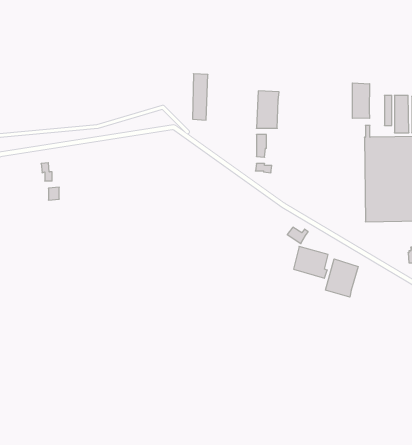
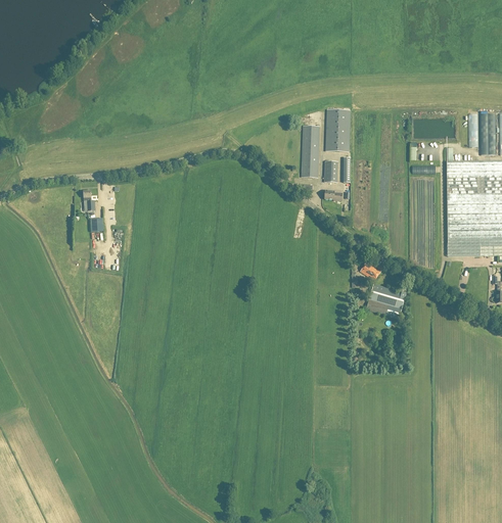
building: [193,74,208,120] -> [302,125,319,177]
building: [352,83,370,118] -> none
building: [325,259,358,297] -> none

